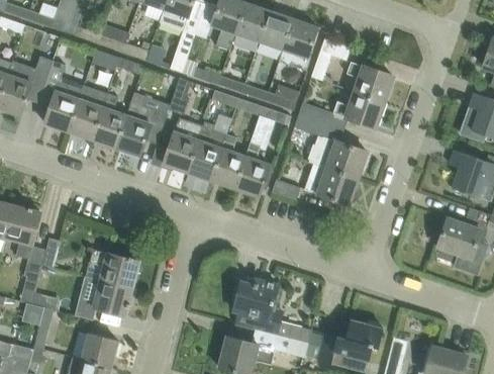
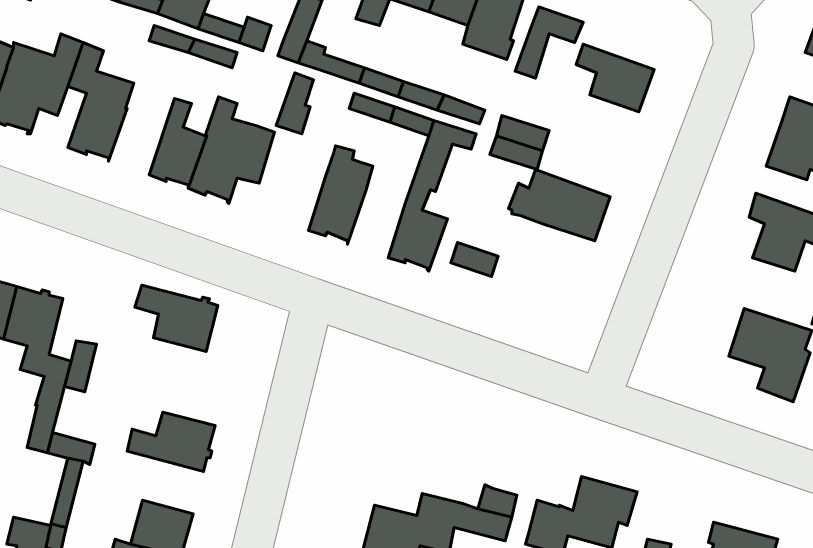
building: [68,84,107,138] -> none
building: [332,91,384,127] -> none
building: [163,117,202,172] -> none
building: [210,133,244,188] -> none
building: [304,163,358,204] -> none
building: [89,249,138,288] -> [135,285,218,351]
building: [233,278,284,335] -> none

